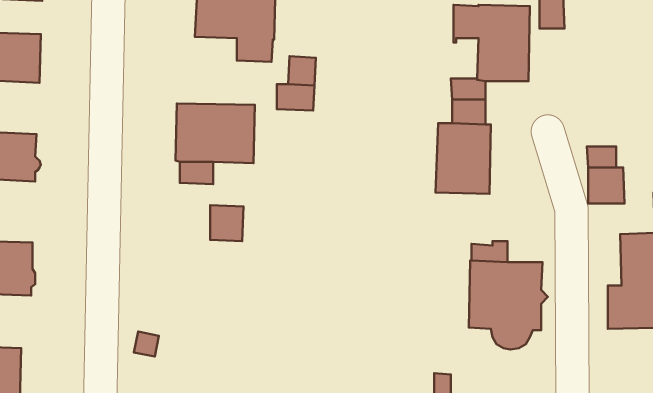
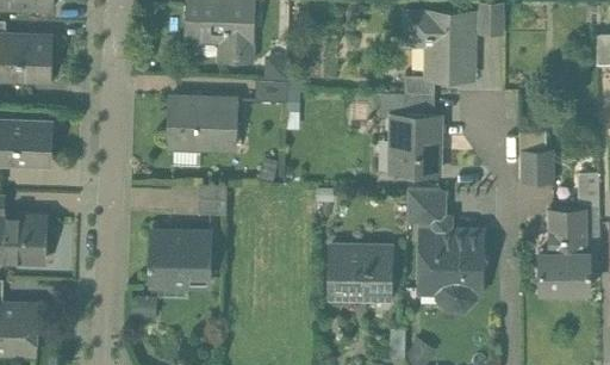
building: none -> [406,188,441,218]
building: none -> [149,231,211,284]
building: none -> [329,246,392,298]

